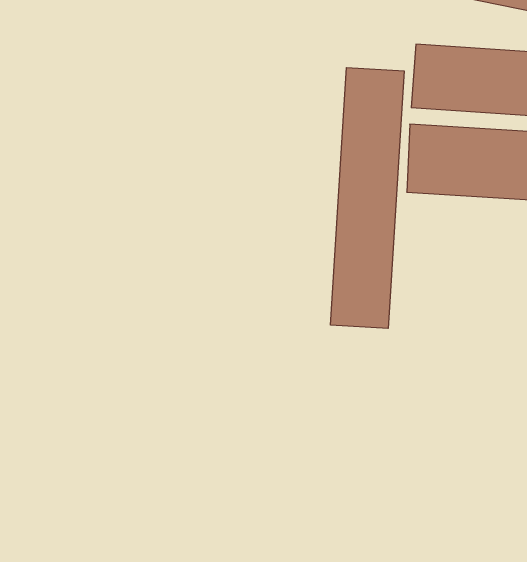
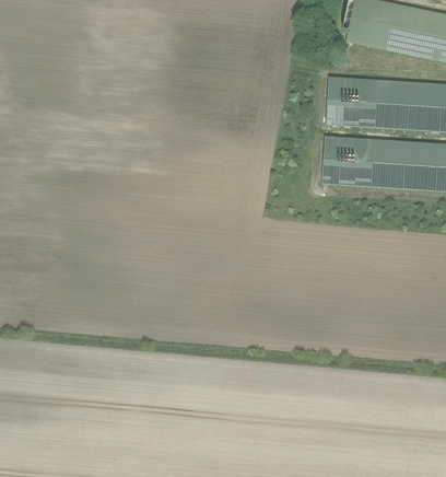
building: [331,68,404,328] -> none

